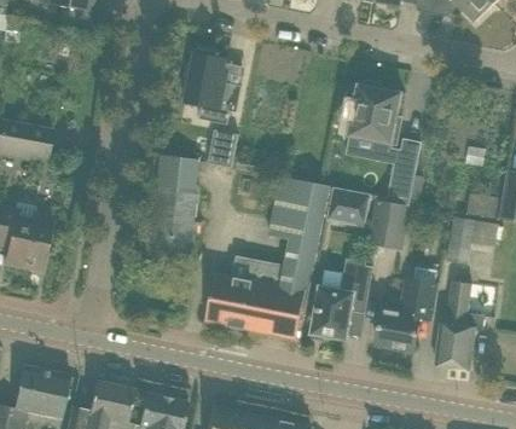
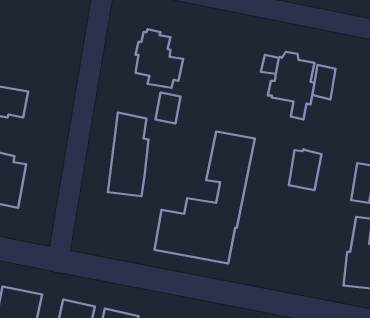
building: [388,162,416,204] -> [313,65,335,100]
building: [326,186,371,222] -> none
building: [376,266,437,349] -> none
building: [313,269,371,335] -> none

